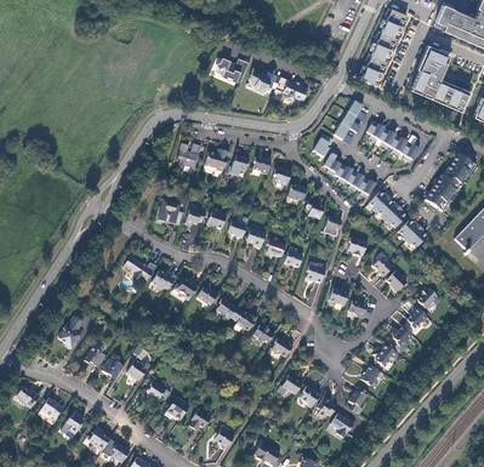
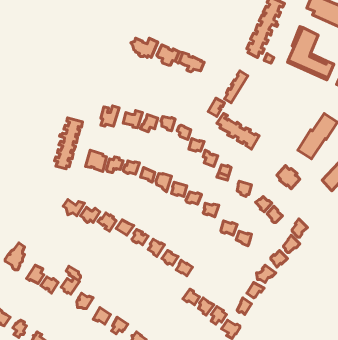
building: [365,120,418,161] -> none
building: none -> [55,118,83,169]
building: [368,190,405,227] -> none

